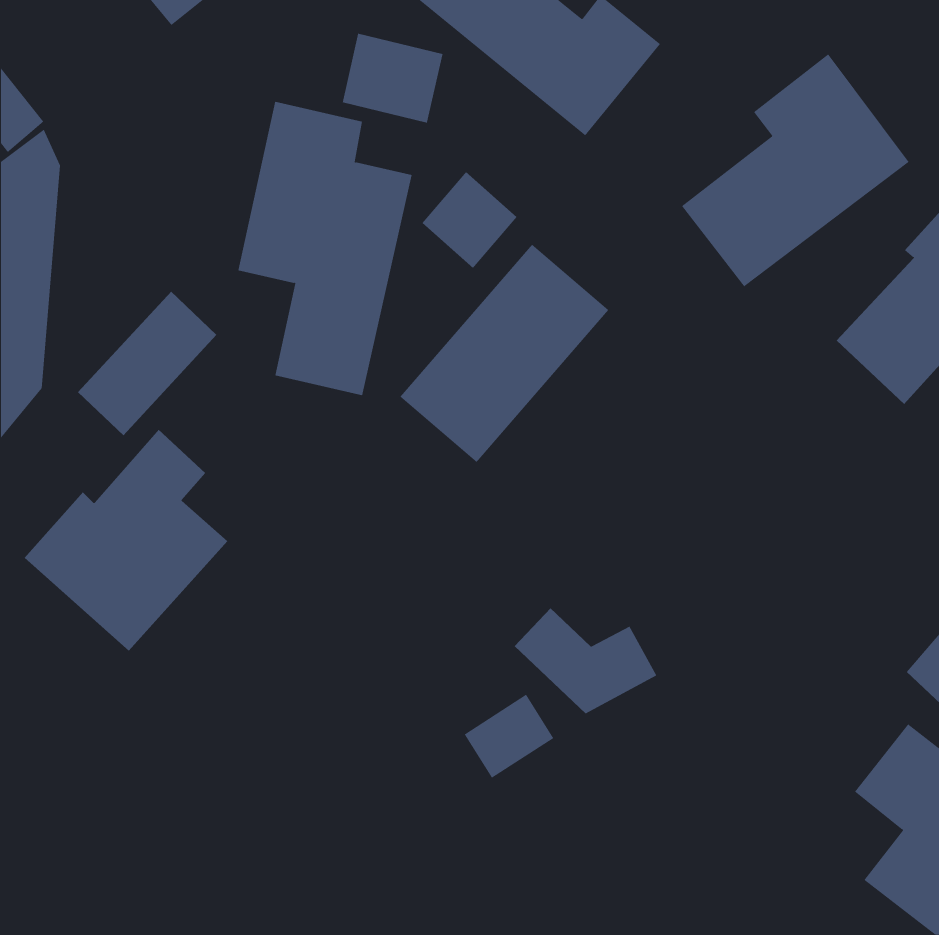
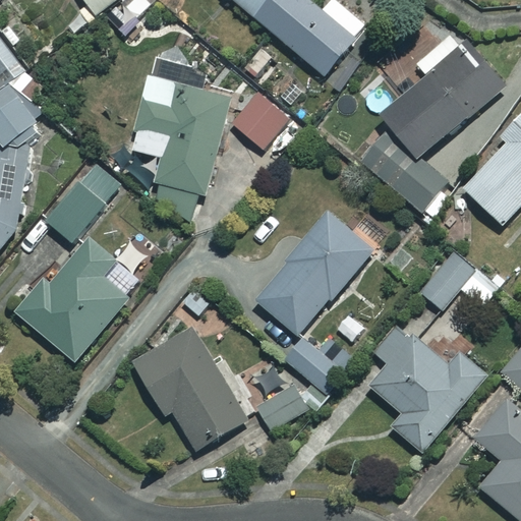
building: [342,33,443,124] -> none
building: [399,244,609,463] -> [254,215,370,336]
building: none -> [366,142,452,223]
building: none -> [420,252,497,308]
building: none -> [369,323,485,451]
building: none -> [132,329,247,450]

